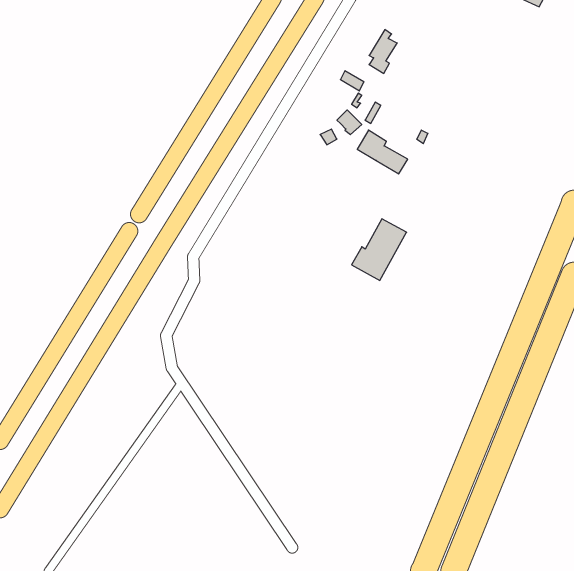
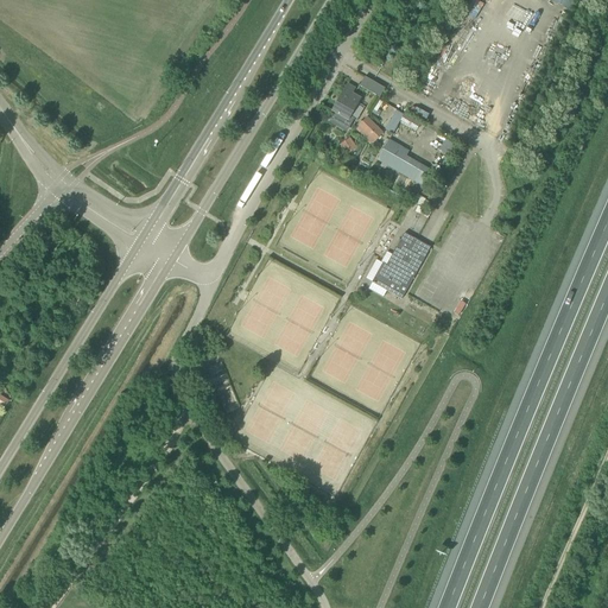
building: [369,30,397,73] -> [331,82,361,128]

